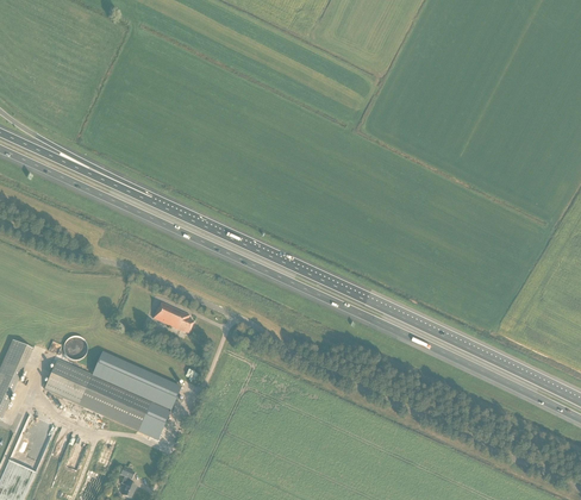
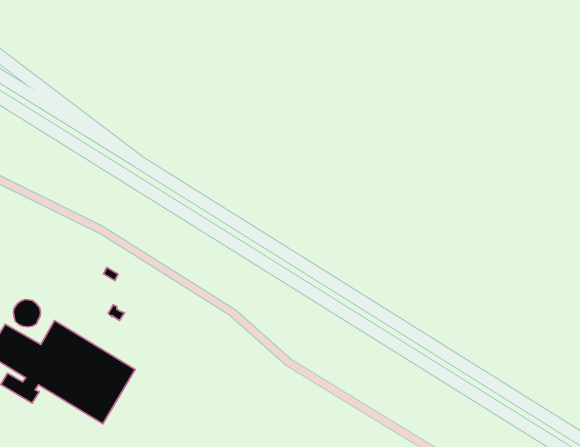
building: [151,300,193,331] -> none

